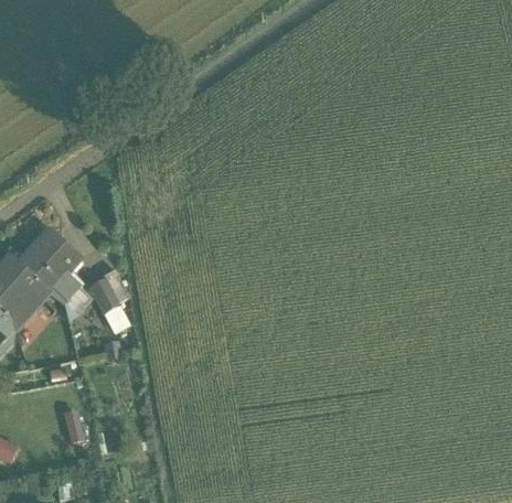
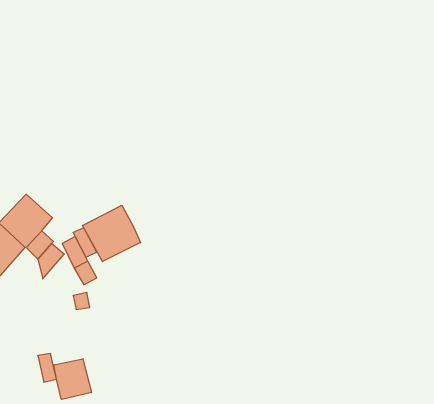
building: none -> [83,205,141,262]
building: none -> [54,359,91,399]

